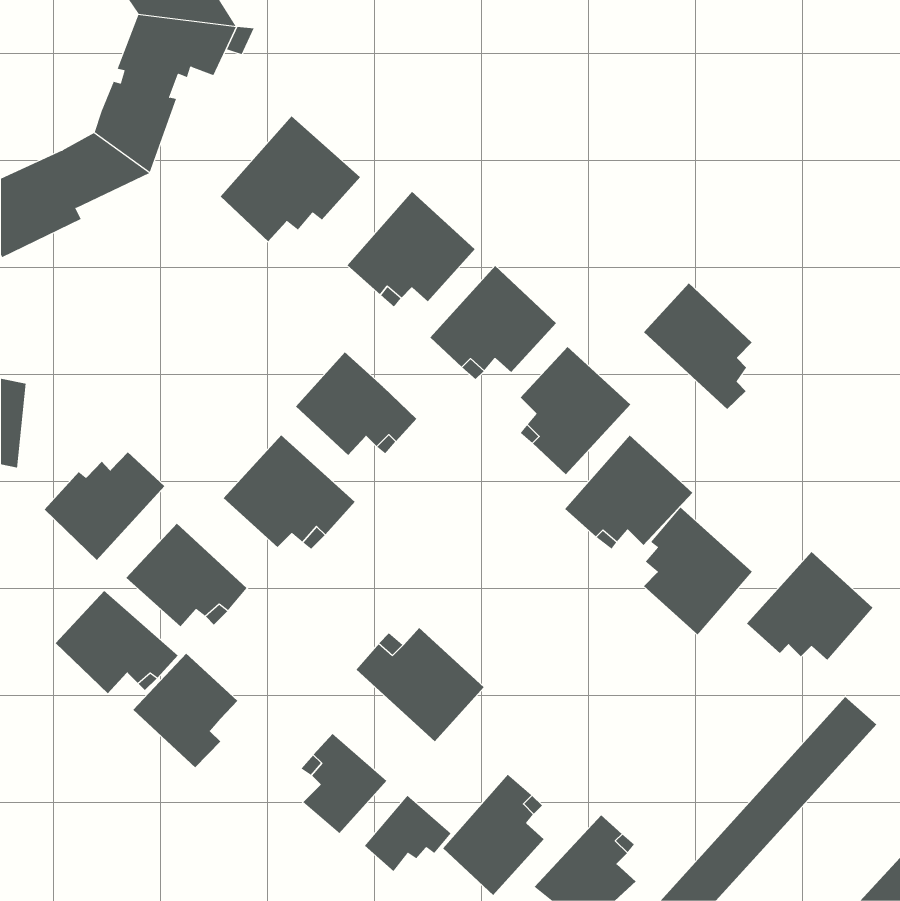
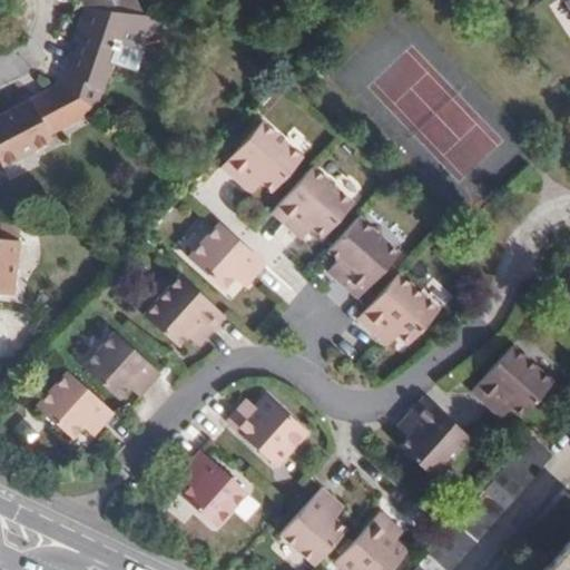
building: [220,116,361,242] -> none
building: [643,283,752,410] -> none
building: [44,452,165,561] -> none
building: [643,507,753,636] -> [400,397,469,479]
building: [133,653,238,768] -> none
building: [364,795,451,872] -> none

